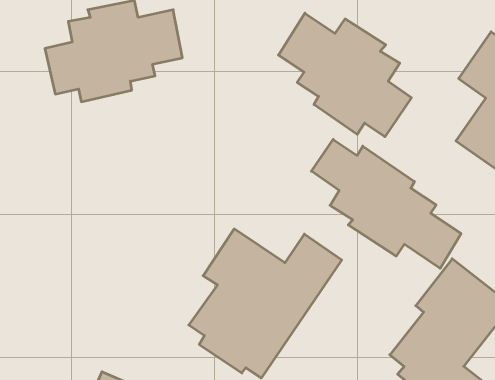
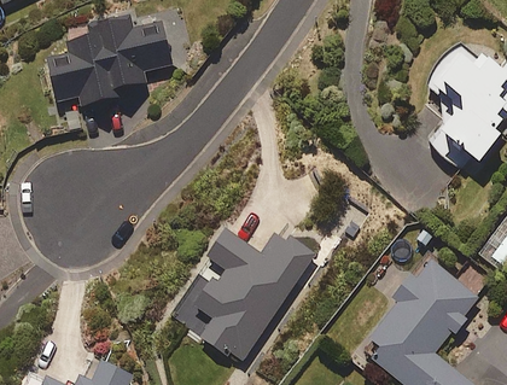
building: [278,13,411,137] -> none
building: [311,139,461,268] -> none

